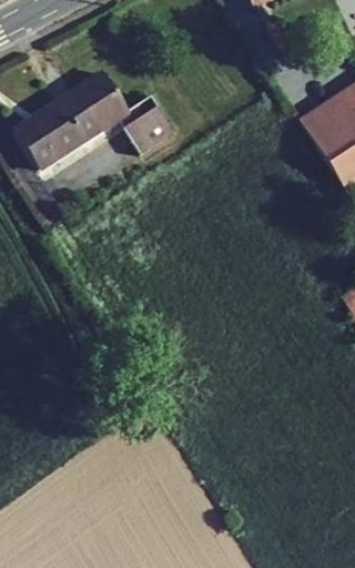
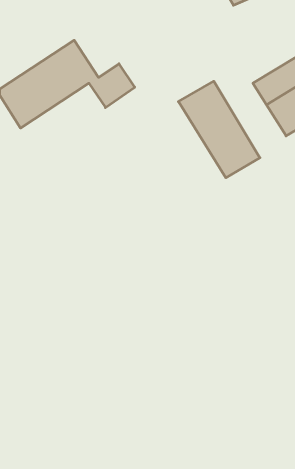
building: none -> [178,81,260,178]

